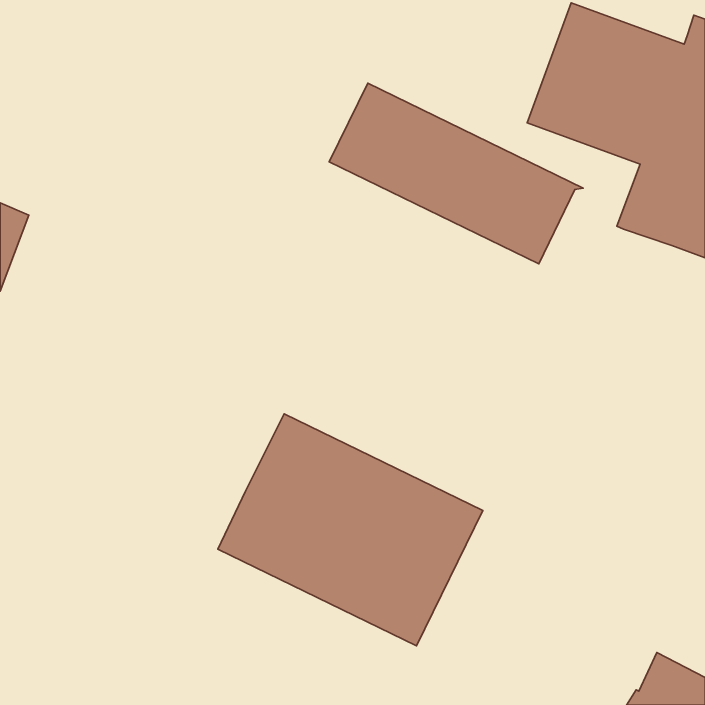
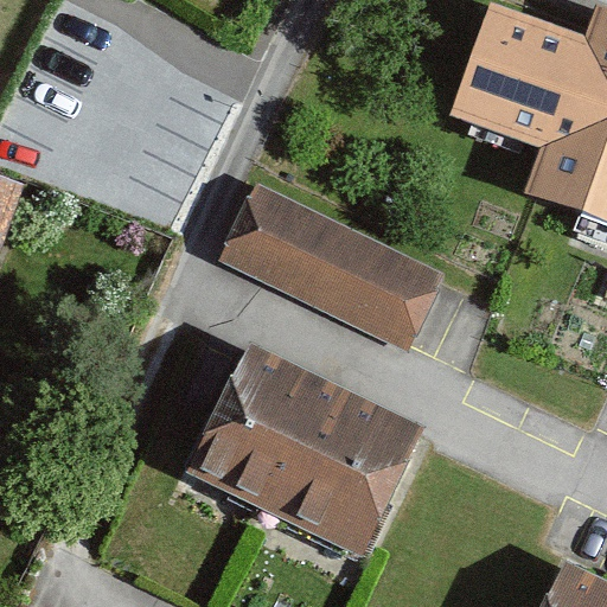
building: [329,83,583,264] -> [225,185,443,340]

